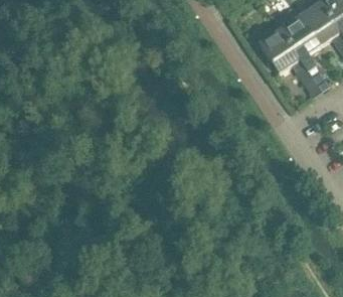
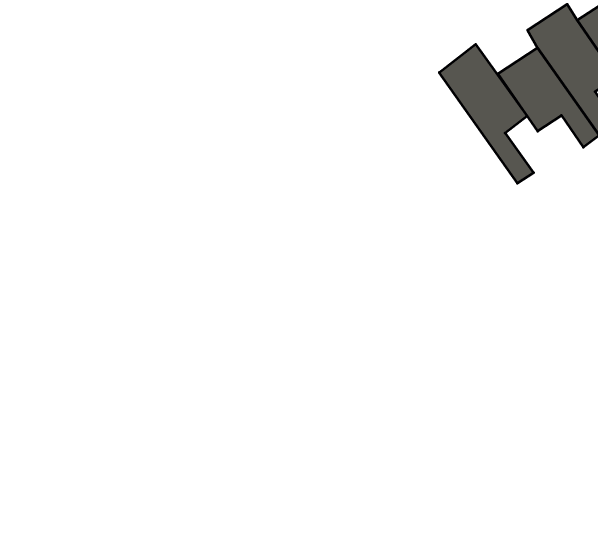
building: none -> [439,44,534,183]

